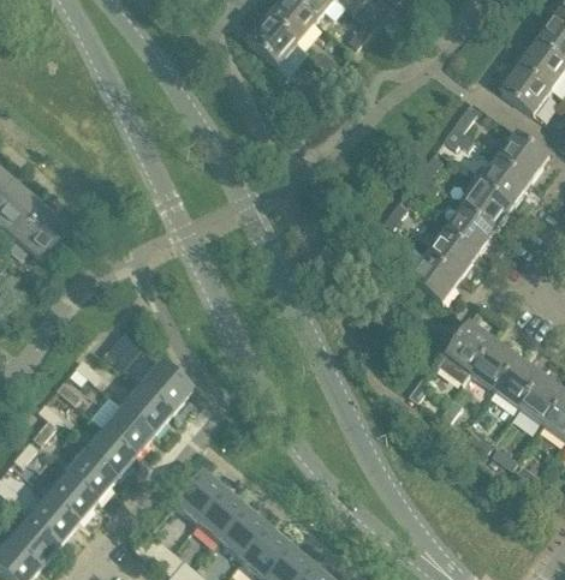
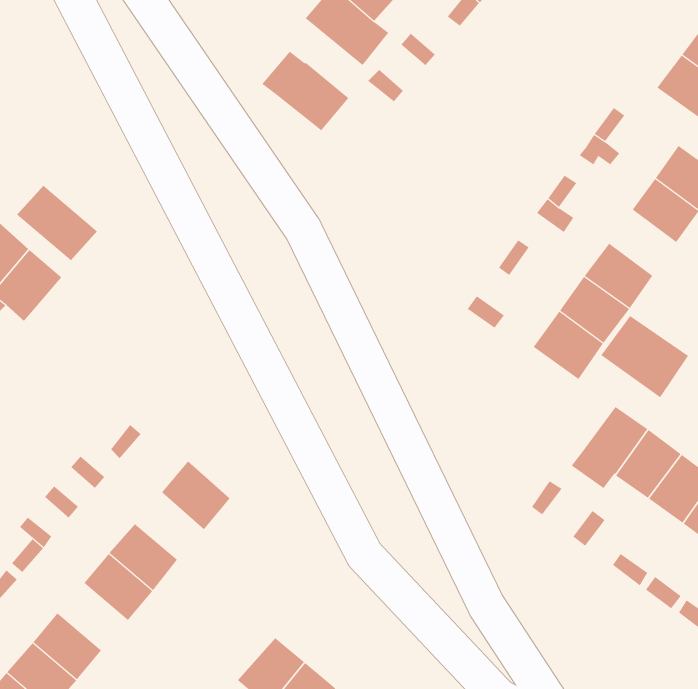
building: none -> [262,51,349,131]
building: none -> [16,185,98,261]
building: [466,178,516,226] -> none
building: none -> [601,315,689,398]
building: [121,383,172,432] -> none
building: [65,449,117,498] -> none
building: [173,470,224,520] -> none

